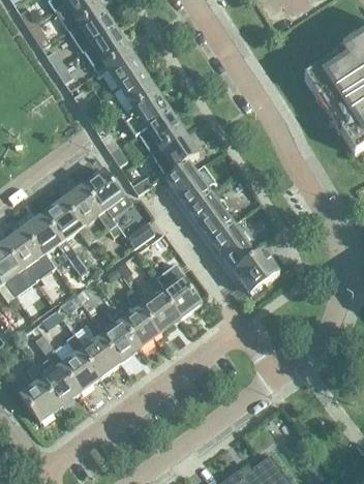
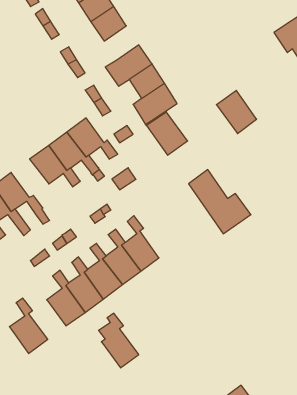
building: [120,68,157,105] -> none
building: [188,192,232,239] -> [216,90,257,134]
building: [20,212,88,276] -> none
building: [158,256,200,319] -> none
building: [35,347,79,406] -> [99,313,139,368]

